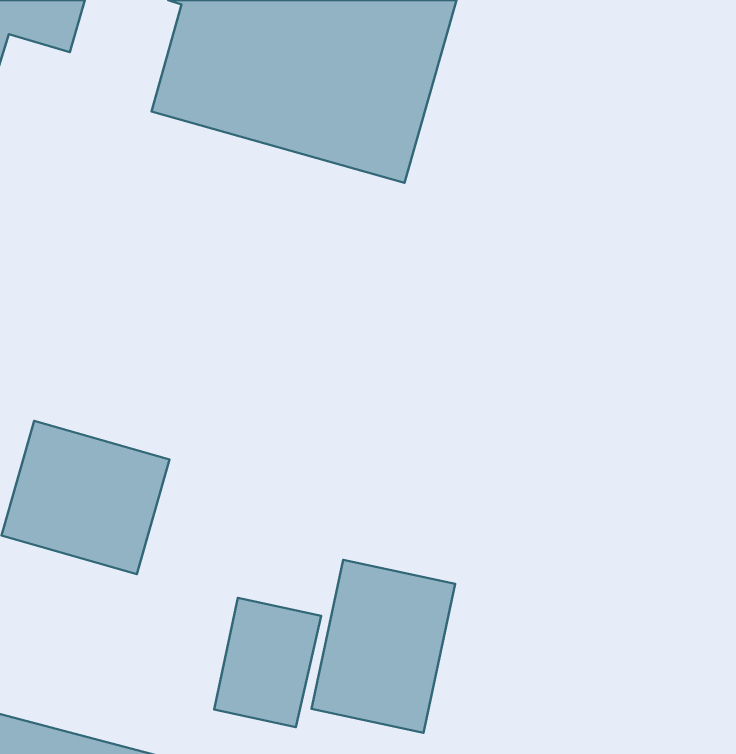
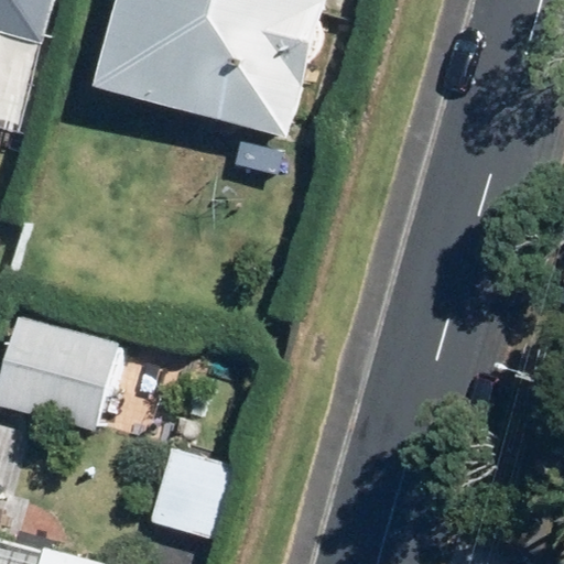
building: [311,560,455,733] -> none

